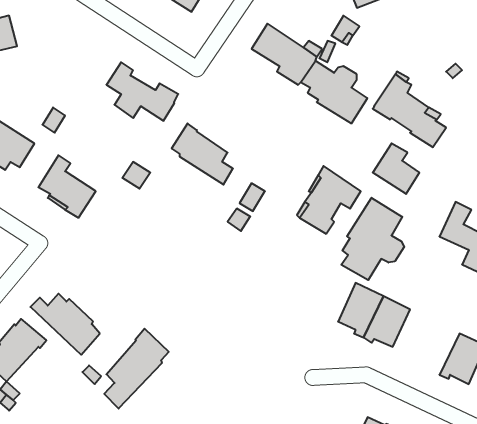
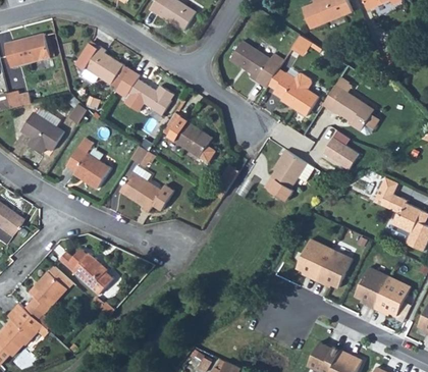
building: none -> [75,43,130,89]
building: none -> [122,166,174,213]
building: [341,198,404,280] -> none
building: none -> [355,267,389,309]
building: [104,329,169,409] -> none

